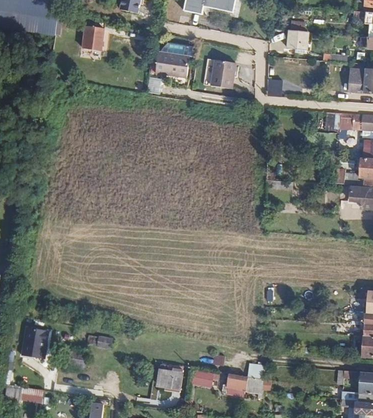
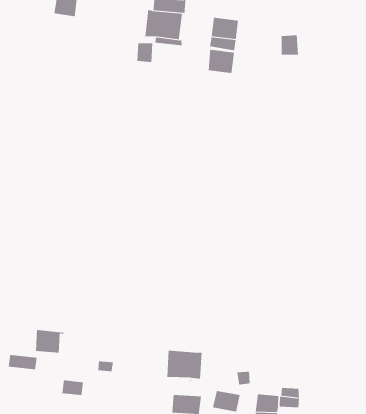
building: none -> [208,49,234,74]
building: none -> [167,350,202,385]
building: [22,337,47,358] -> [35,329,64,353]

